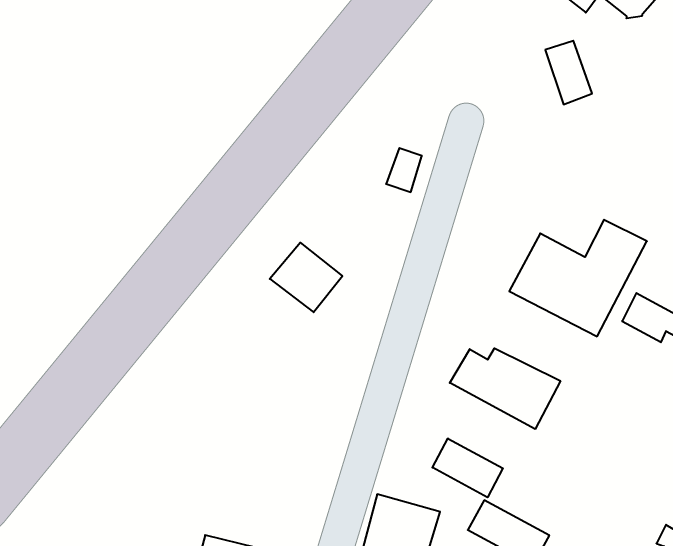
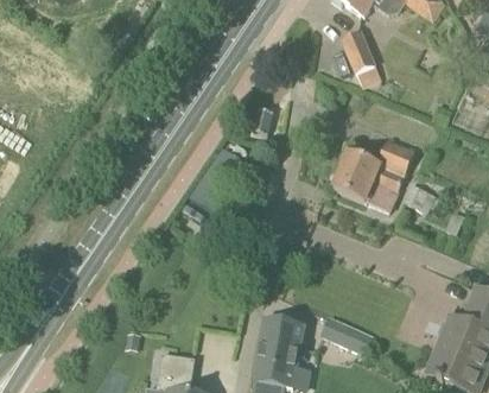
building: [450,348,560,429] -> none
building: [432,438,503,497] -> none

